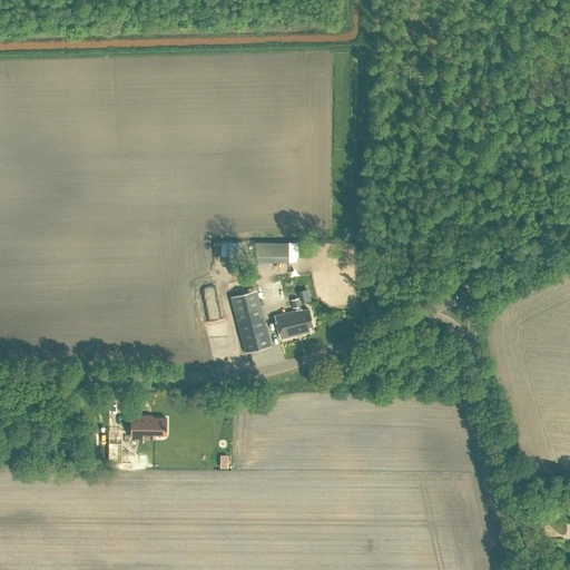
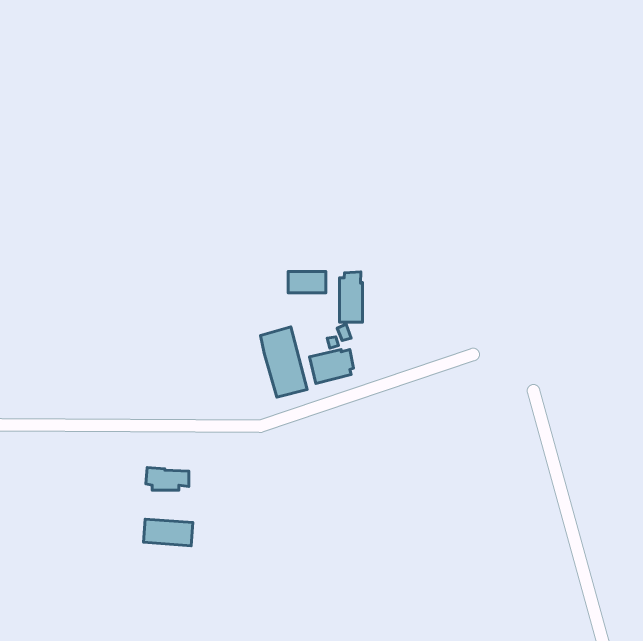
building: none -> [339,272,362,322]
building: none -> [144,519,193,546]

